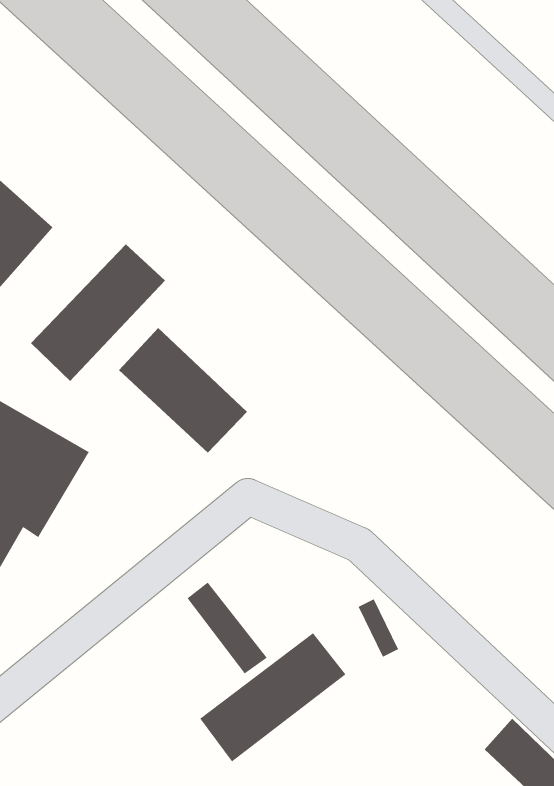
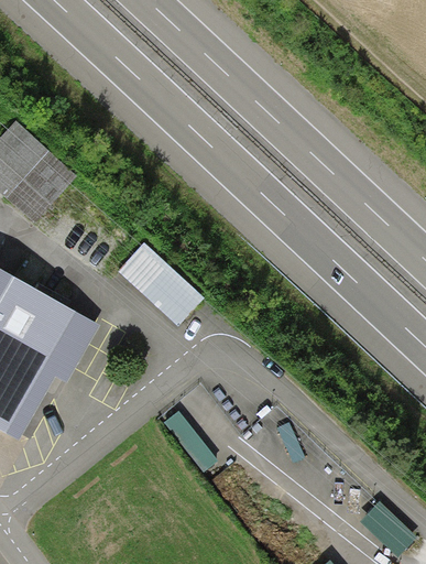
building: [30,244,166,382] -> none
building: [199,632,346,762] -> none

